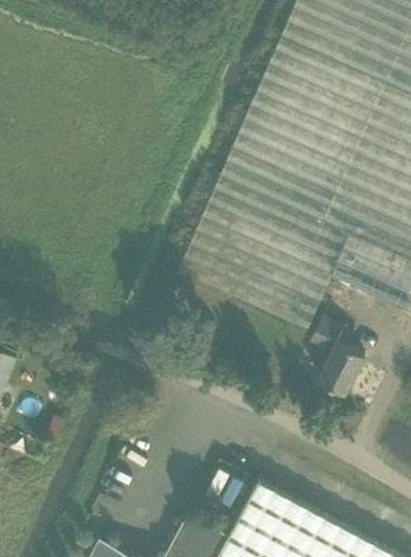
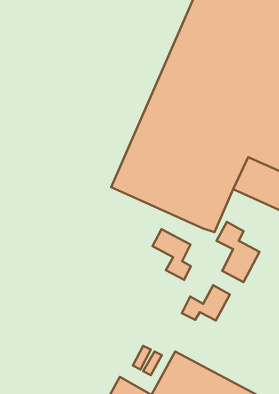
building: none -> [152,229,191,280]
building: none -> [182,285,230,320]

